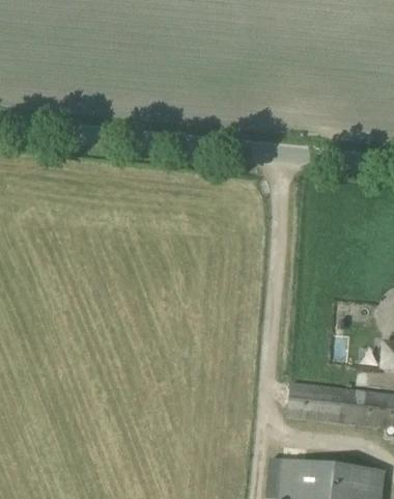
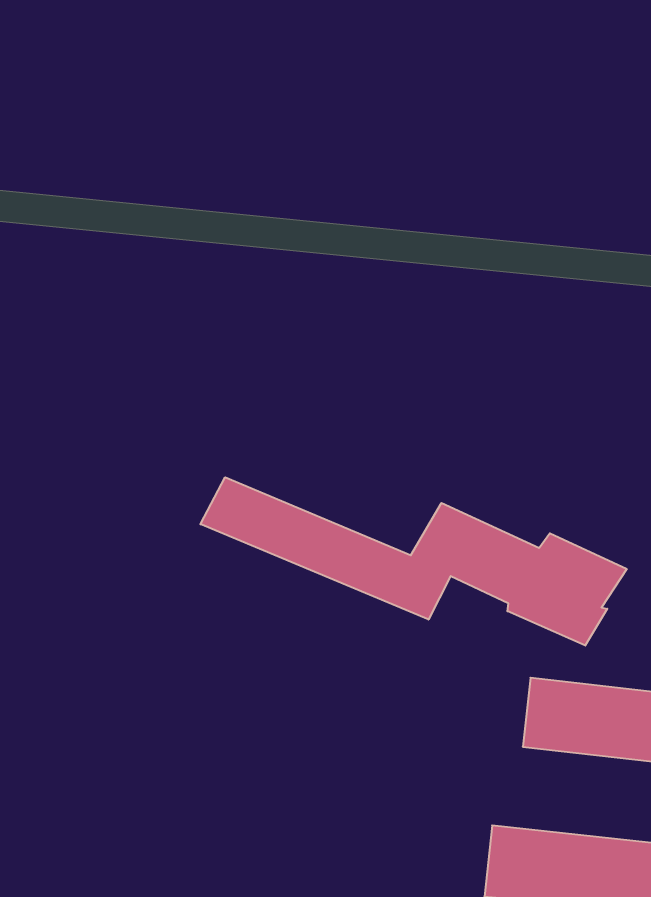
building: none -> [200,477,627,646]

